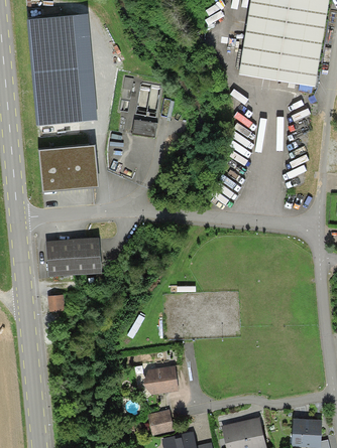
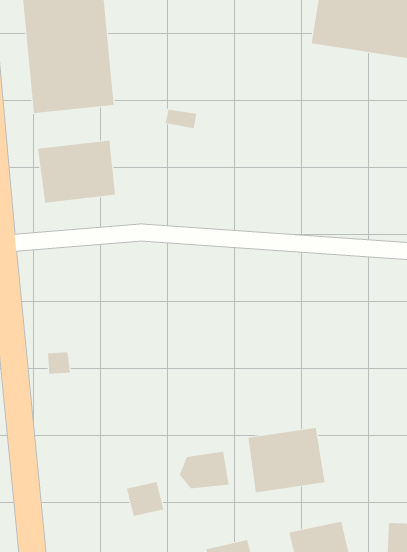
building: [45,239,101,278] -> none
building: none -> [248,427,325,493]
building: [147,410,175,435] -> [126,482,164,517]

